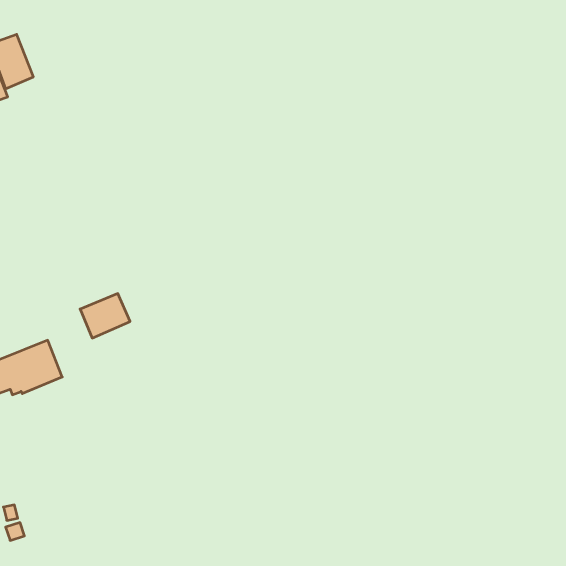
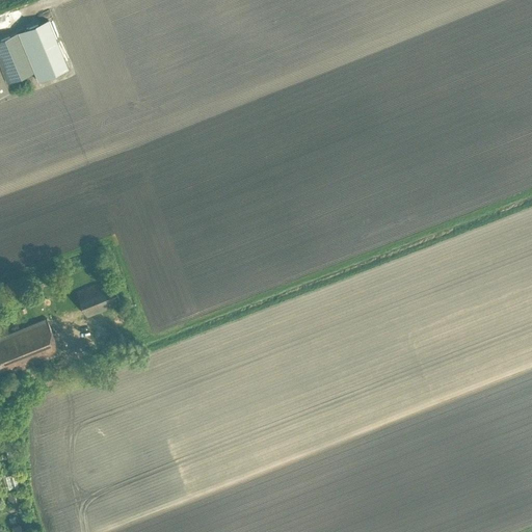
building: none -> [16,21,65,82]

